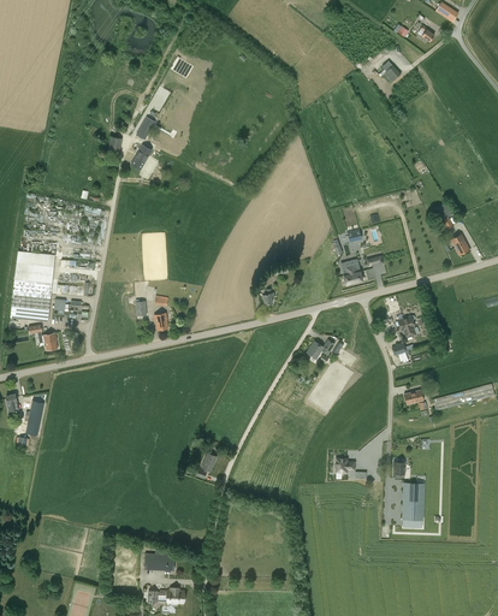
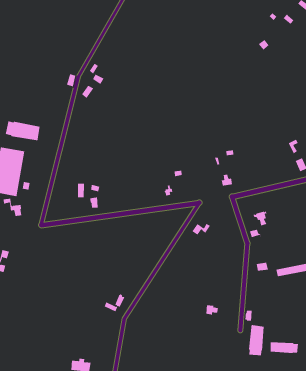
building: none -> [5,121,40,141]
building: none -> [270,341,298,354]

